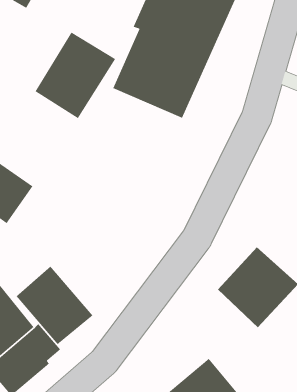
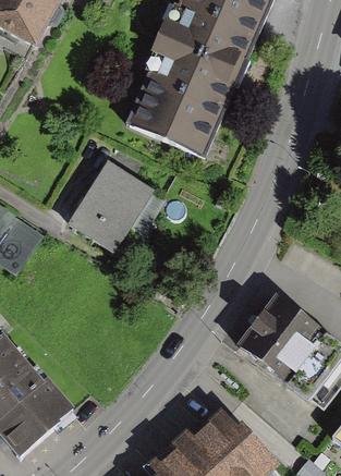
building: [34,31,116,119] -> [65,154,153,247]
building: [16,265,93,345] -> none

